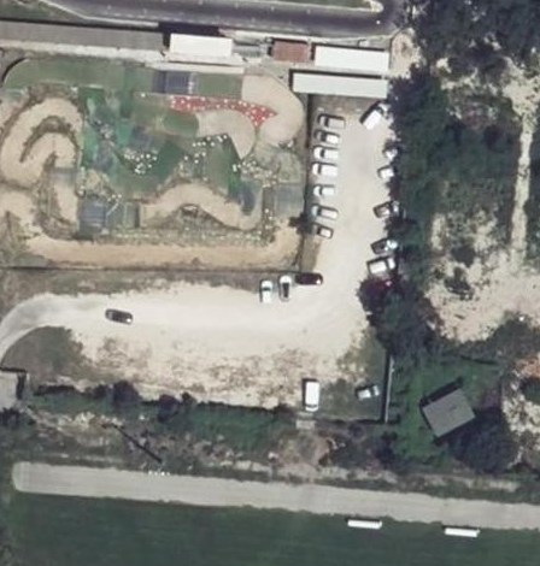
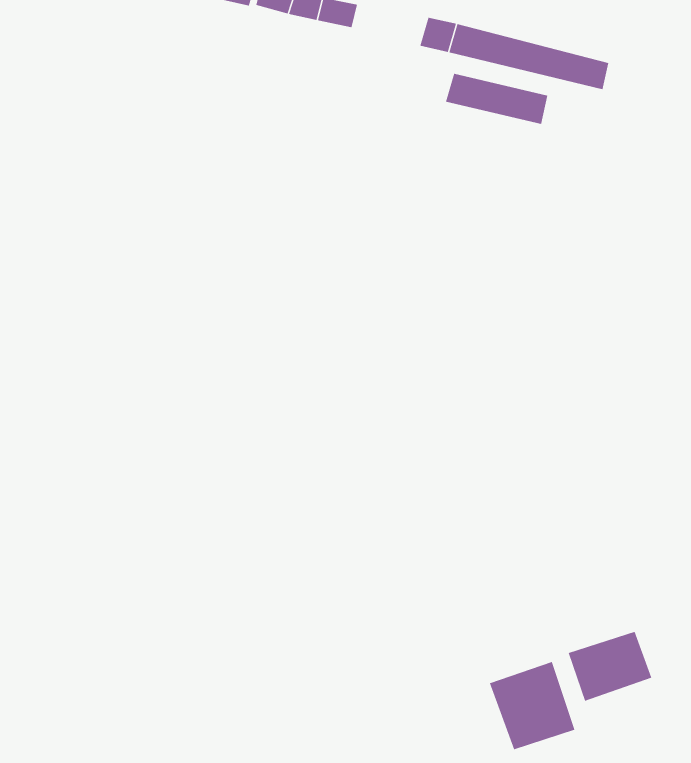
building: none -> [489,661,575,750]

